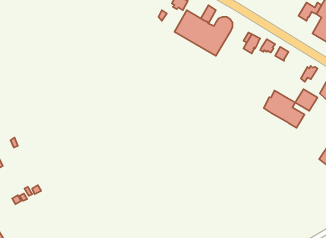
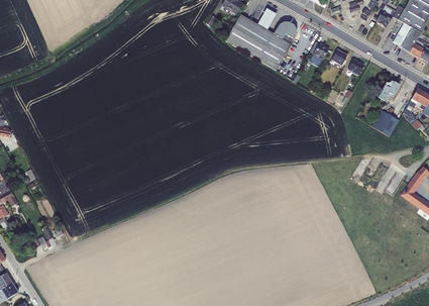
building: [264,90,304,128] -> none

